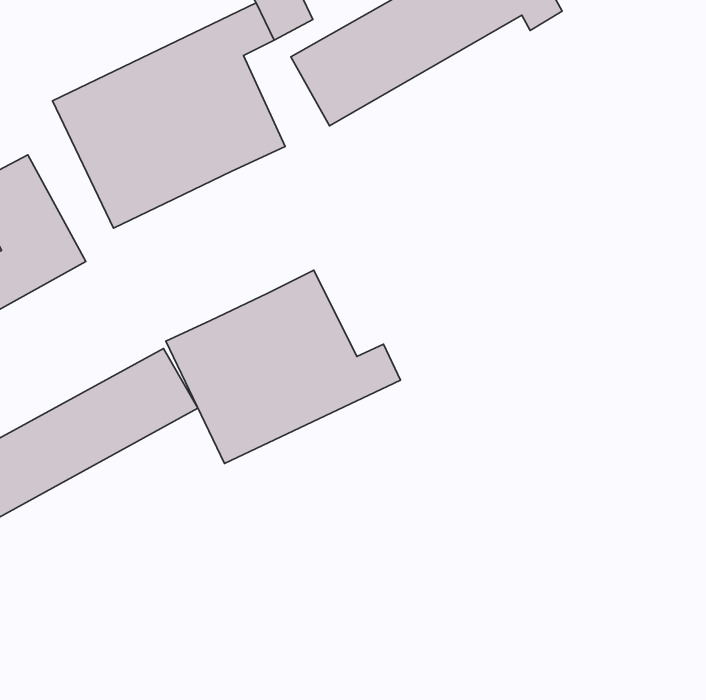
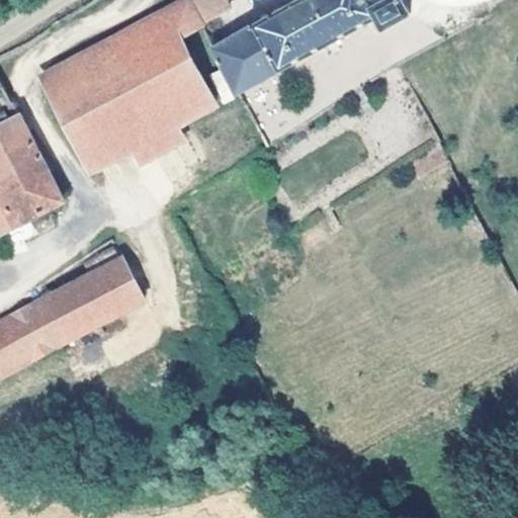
building: none -> [120,125,178,168]
building: [166,270,401,464] -> none

